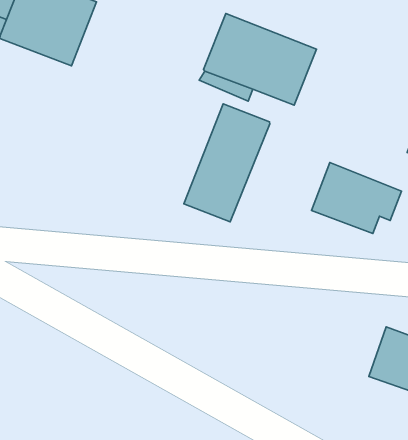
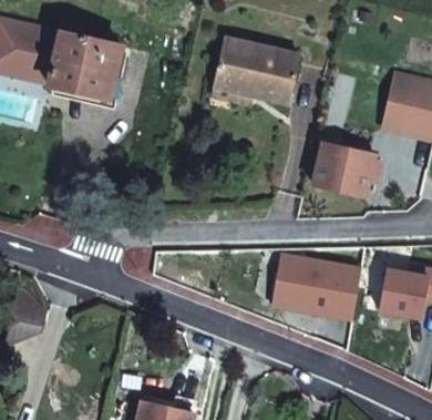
building: [184,104,270,222] -> none
building: none -> [269,253,359,318]

